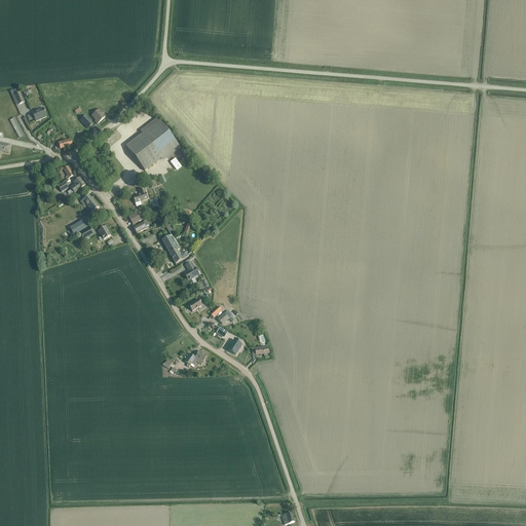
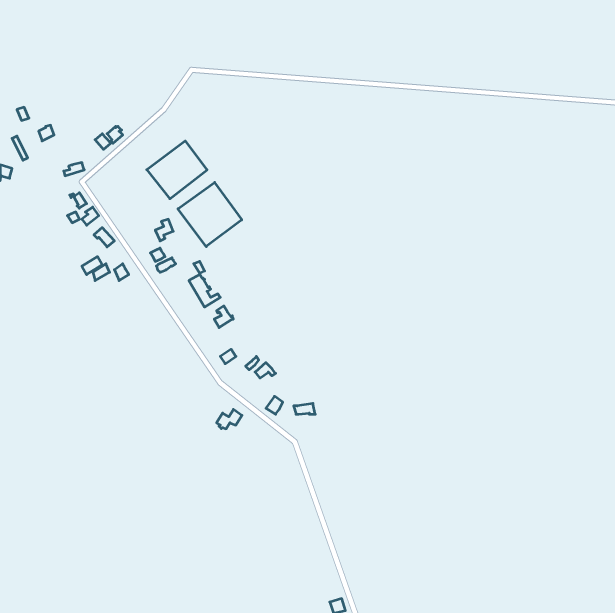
building: none -> [178,182,242,247]

